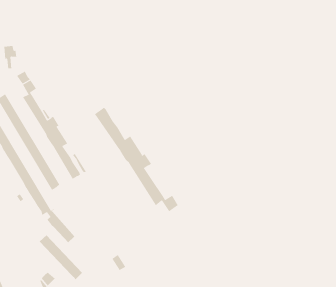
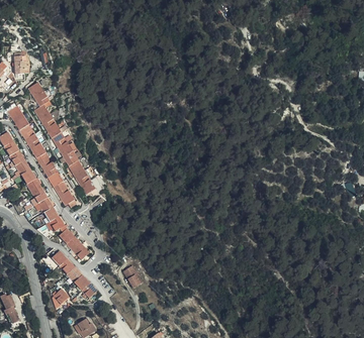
building: [94,107,179,212] -> none

